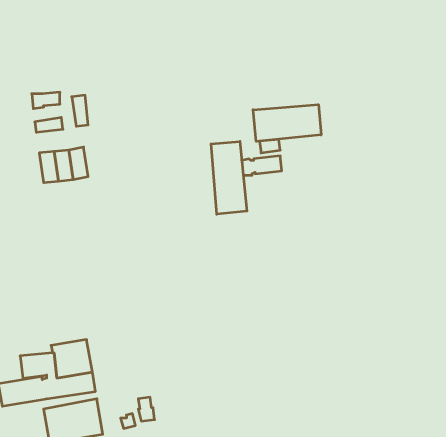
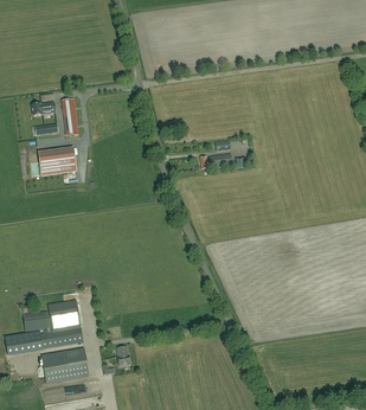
building: [253,105,321,141] -> none
building: [211,141,247,214] -> none

